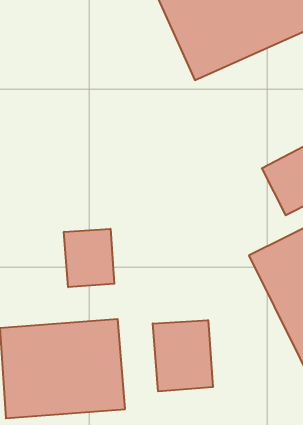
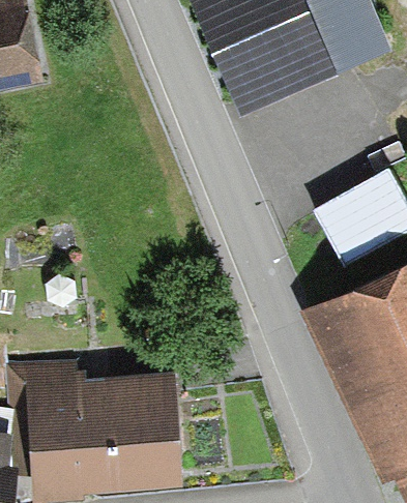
building: [64,229,114,287] -> none
building: [153,320,213,391] -> none

